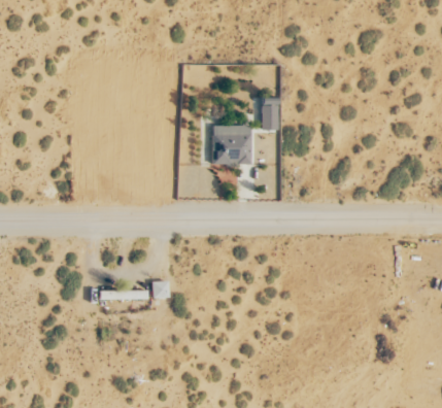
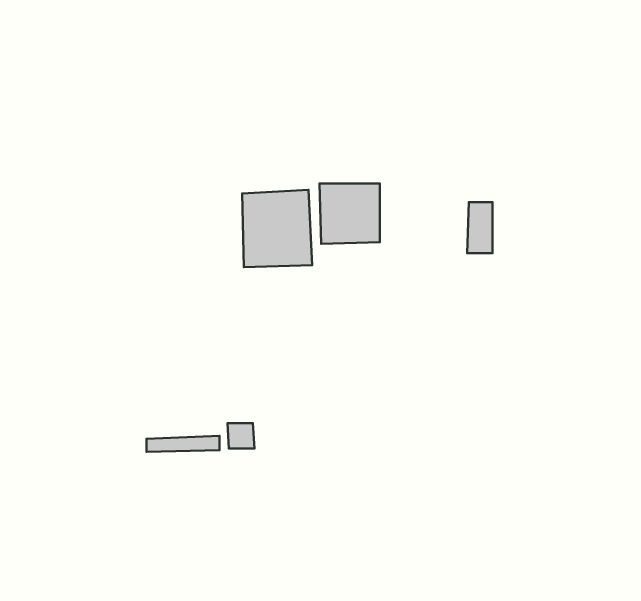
building: [262,98,278,131] -> [467,202,493,253]
building: none -> [242,190,312,267]

